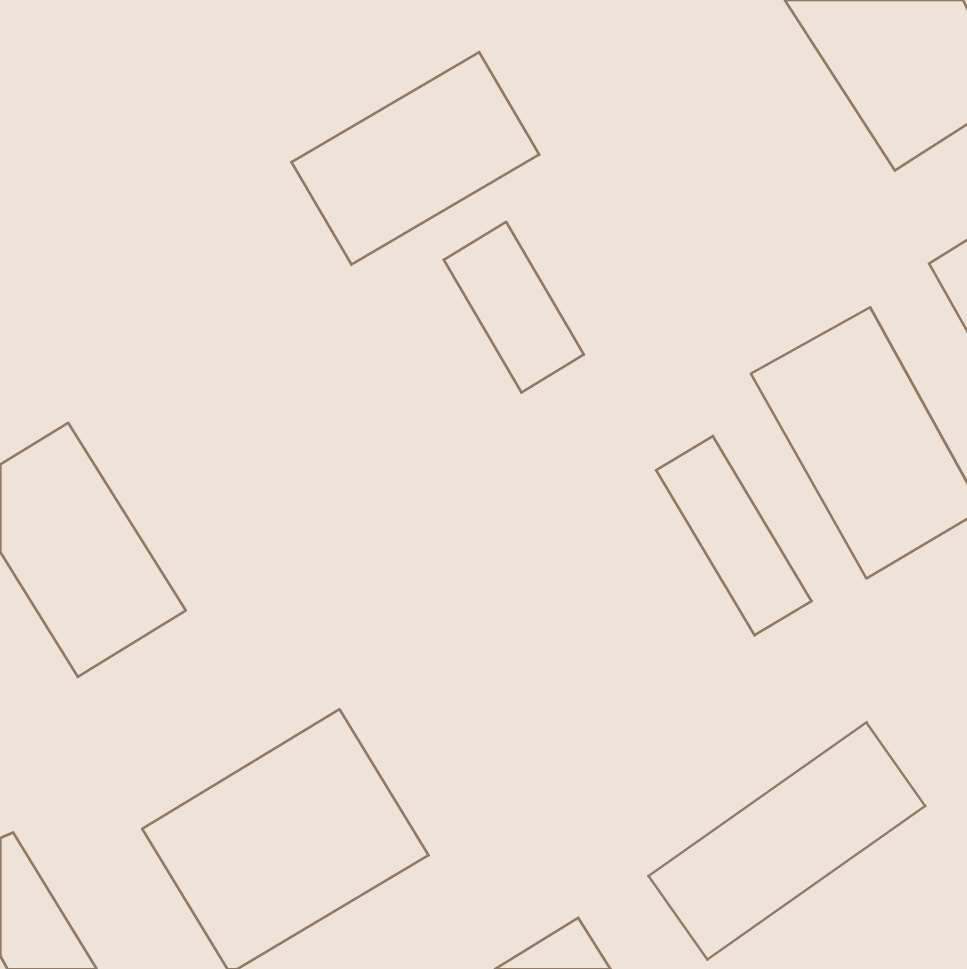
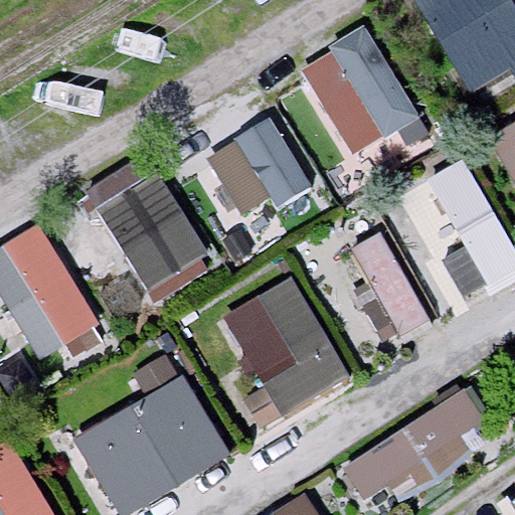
building: [291,52,539,265] -> none
building: none -> [302,28,418,154]
building: none -> [98,172,209,293]
building: none -> [226,278,350,427]

